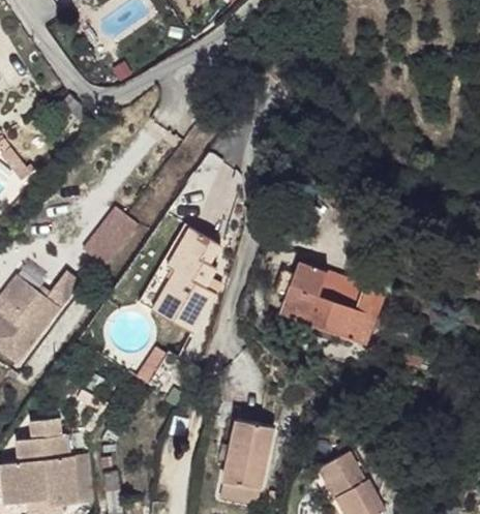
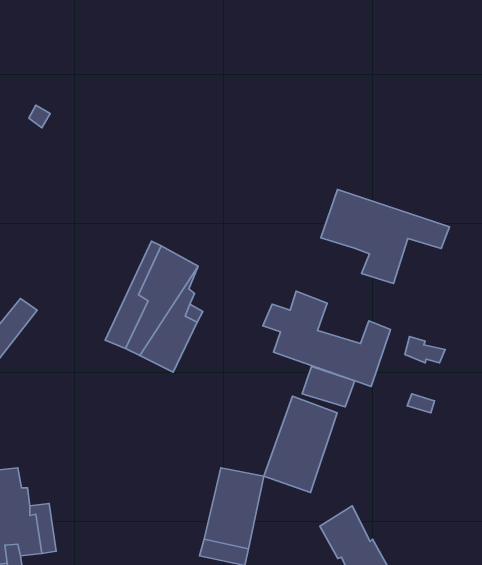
building: none -> [321,190,449,283]
building: [82,206,139,266] -> none
building: [321,275,366,310] -> [302,366,355,407]
building: none -> [264,396,337,493]

